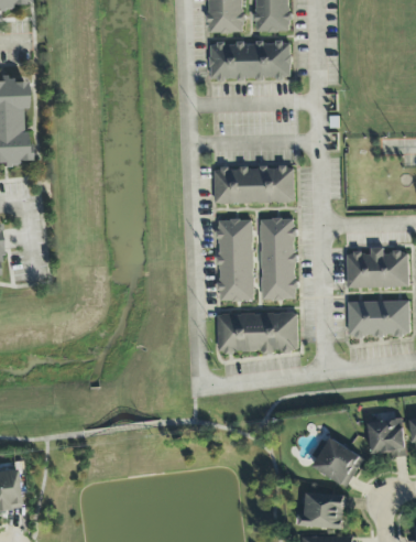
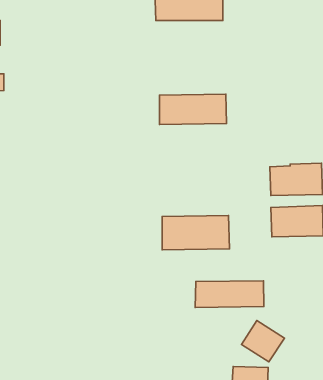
building: [261,218,296,300] -> none
building: [218,219,253,301] -> none
building: none -> [195,281,264,307]
building: [369,419,405,457] -> none

